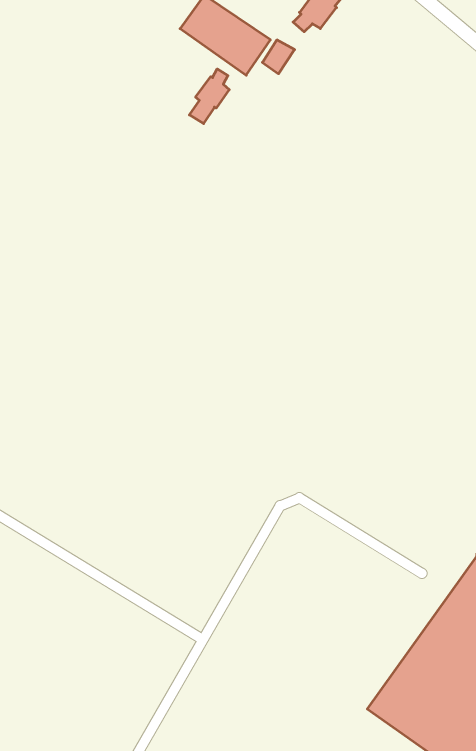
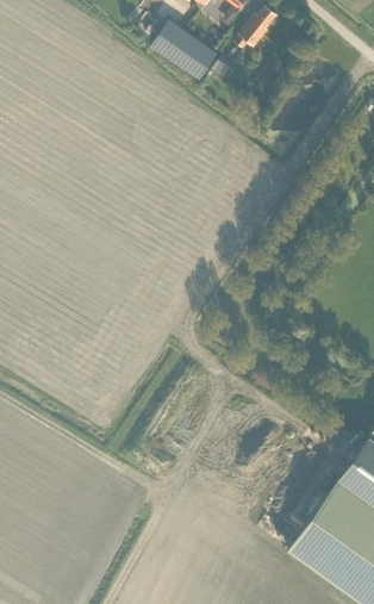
building: [189,69,229,124] -> none

